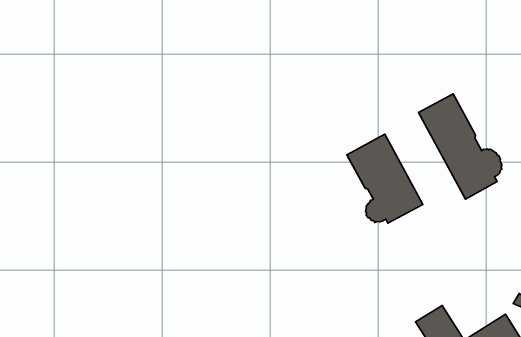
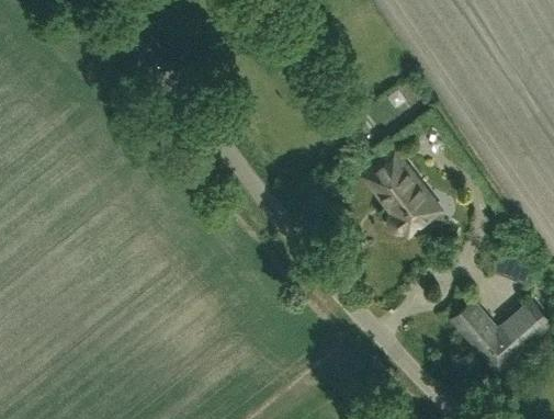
building: [419,94,502,199] -> none

